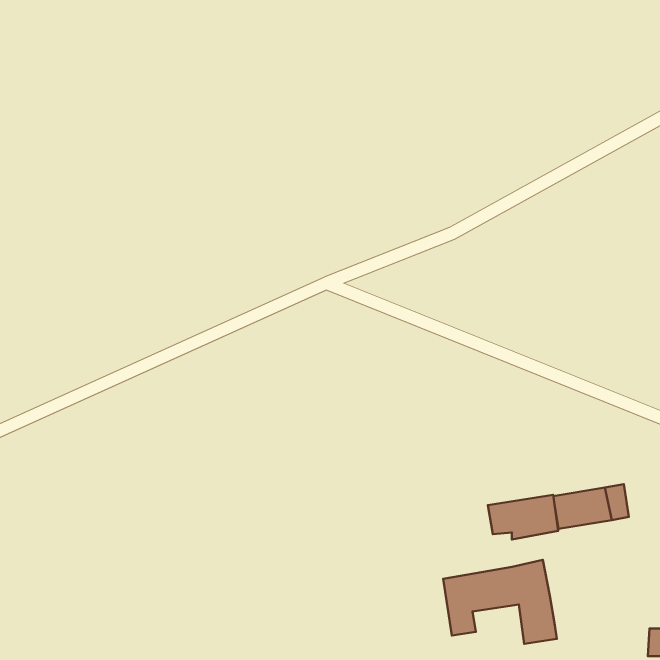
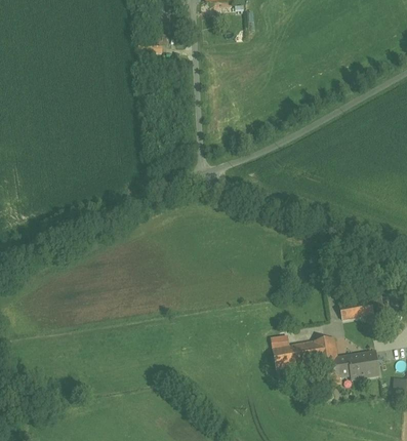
building: [488,495,558,539] -> [337,351,379,377]

